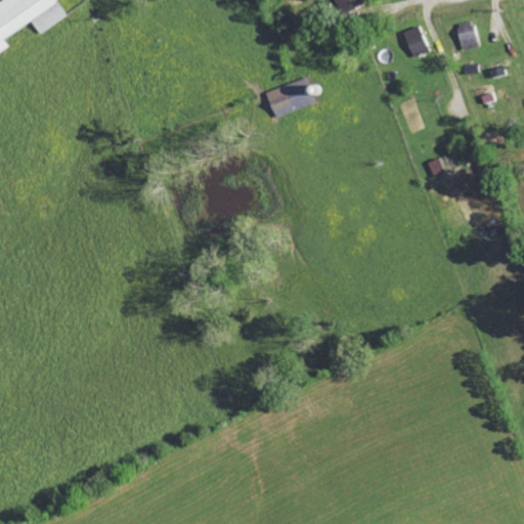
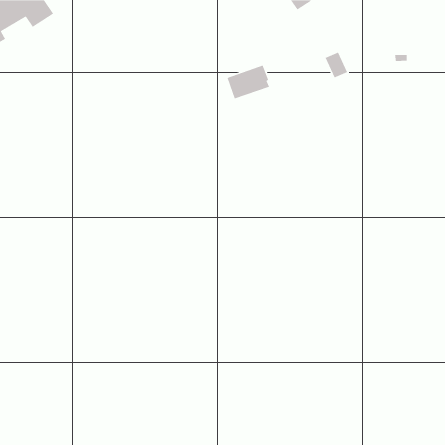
building: [455,20,478,50] -> none
building: [402,25,430,56] -> [325,51,348,78]

